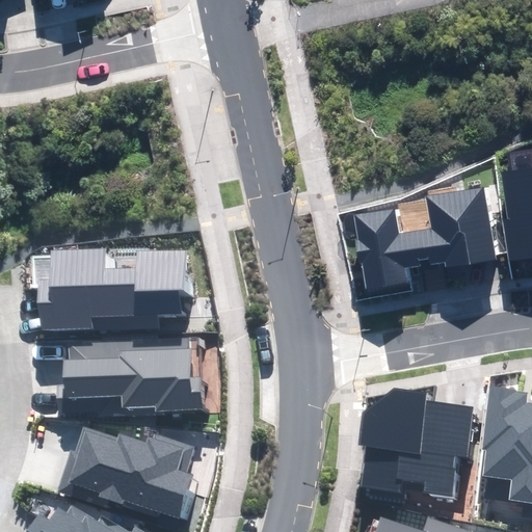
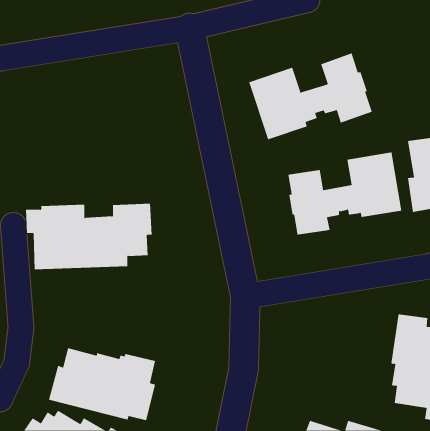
building: none -> [249,53,373,140]
building: [68,338,204,411] -> none
building: [360,388,475,496] -> none

